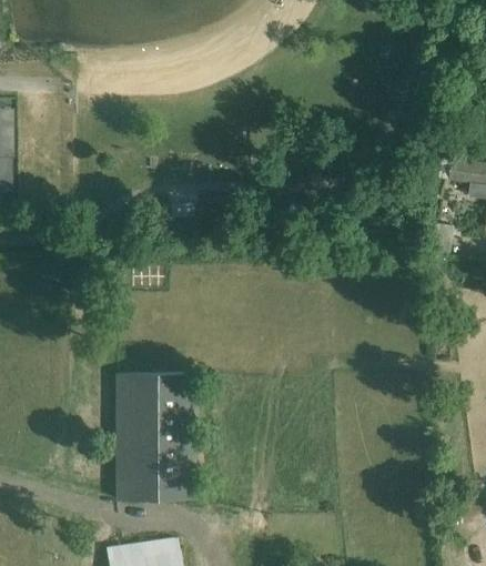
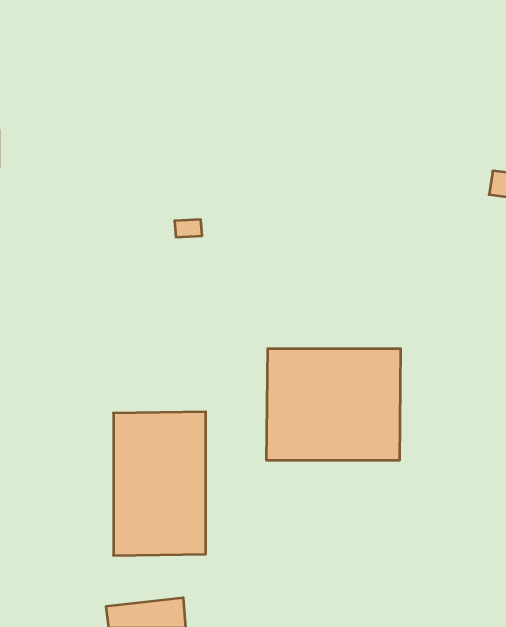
building: none -> [267,349,401,460]

